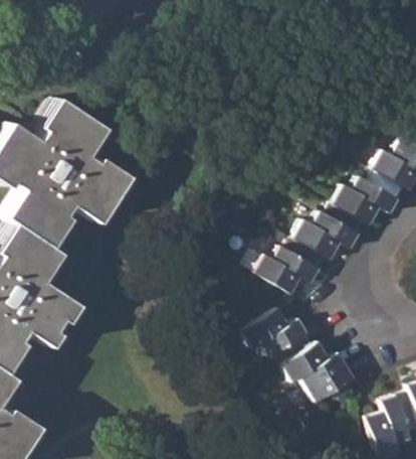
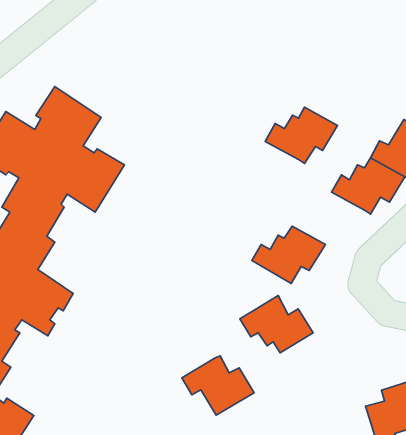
building: [299,203,372,260] -> [265,107,338,164]
building: [287,342,360,402] -> [182,356,254,415]

